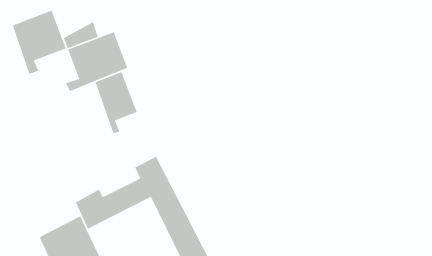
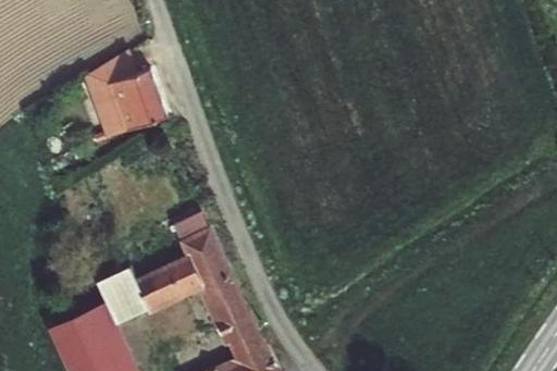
building: [12,9,67,75] -> none
building: [94,71,138,134] -> none

